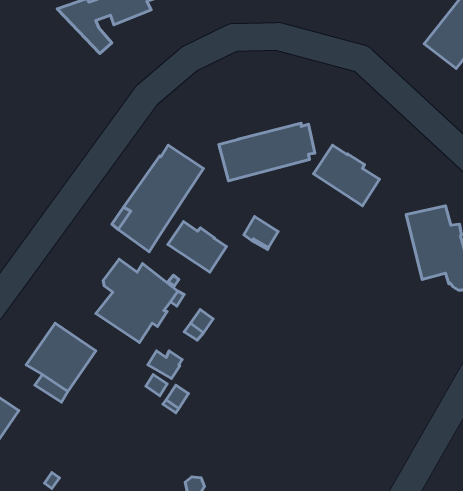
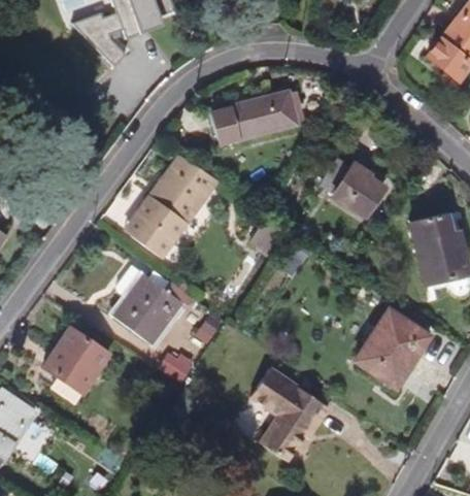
building: [219,123,315,181] -> [211,90,304,145]
building: [168,221,226,272] -> none
building: none -> [354,308,429,387]
building: none -> [248,367,326,460]

